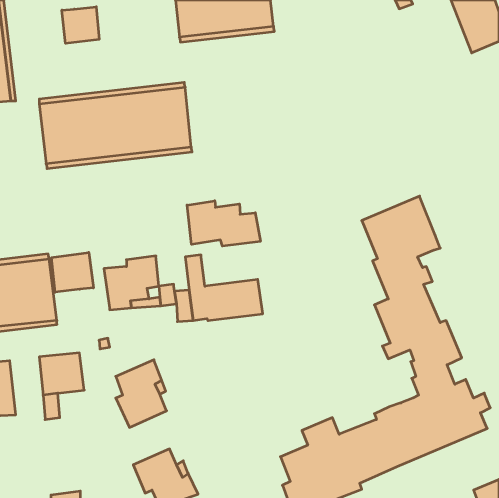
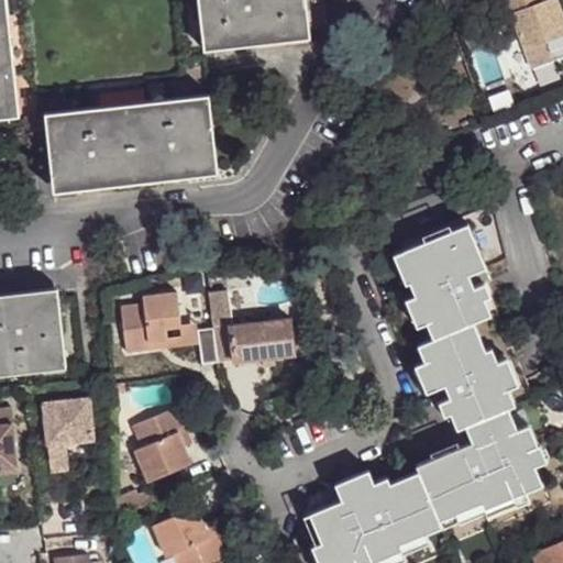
building: [62,7,99,43] -> none
building: [187,201,260,246] -> none
building: [52,252,93,292] -> none

